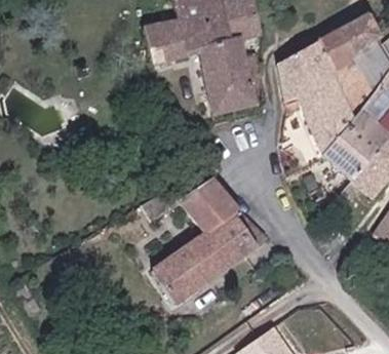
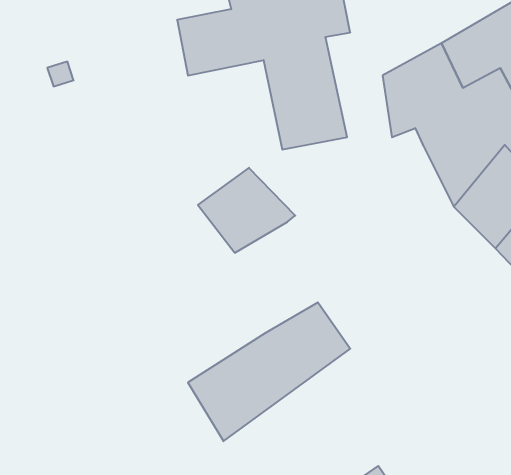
building: [176,179,240,235] -> [198,168,295,253]

